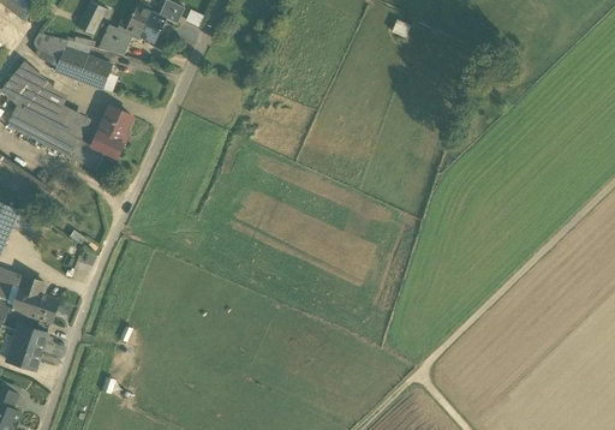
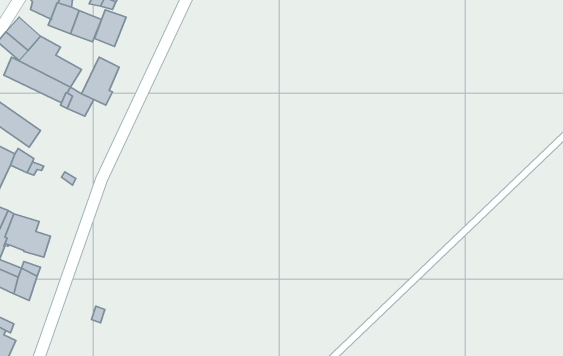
building: none -> [95,10,126,46]

